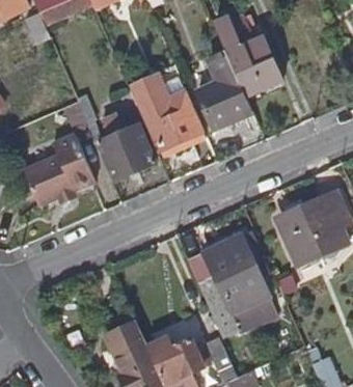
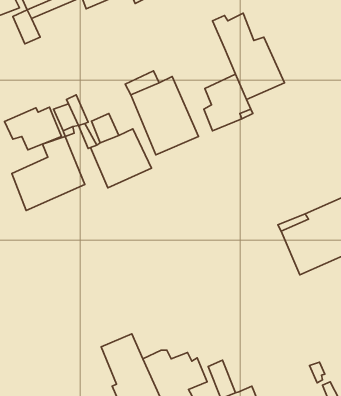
building: [197,49,236,107] -> none
building: none -> [5,107,62,150]
building: [188,232,277,338] -> none

